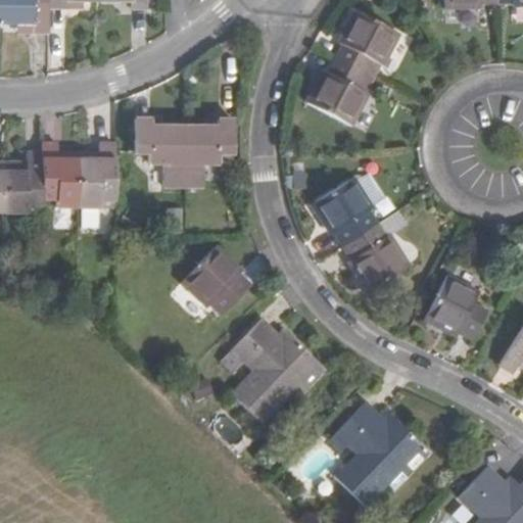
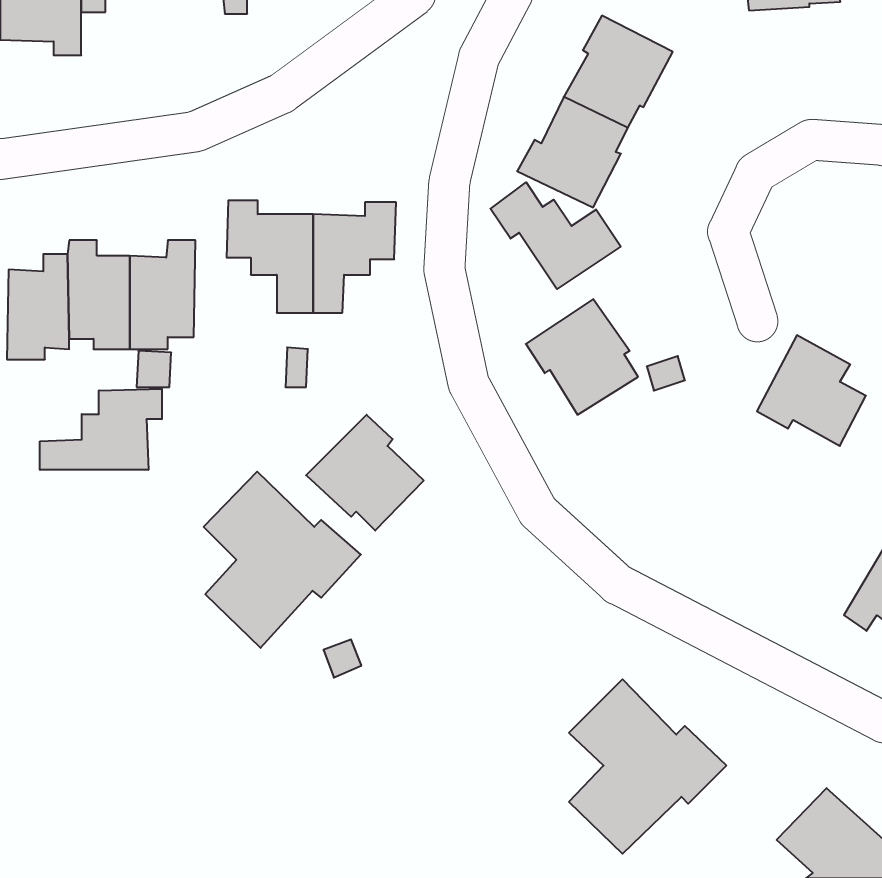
building: none -> [490,182,621,289]
building: [342,223,408,291] -> none
building: none -> [40,389,162,470]
building: [424,274,488,339] -> [757,335,866,446]
building: [232,318,325,422] -> [204,472,361,648]

